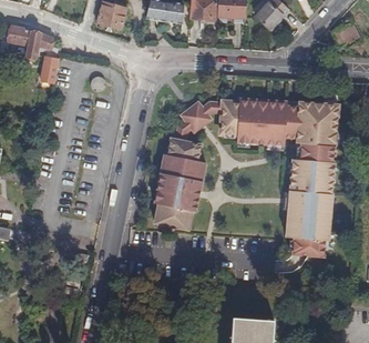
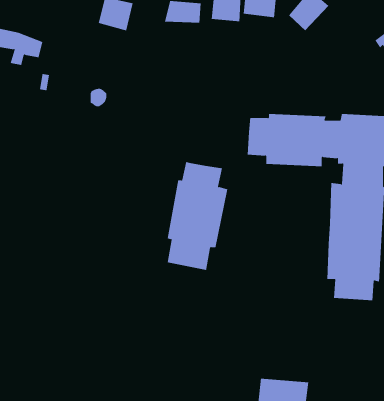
building: [174,101,223,142] -> none

